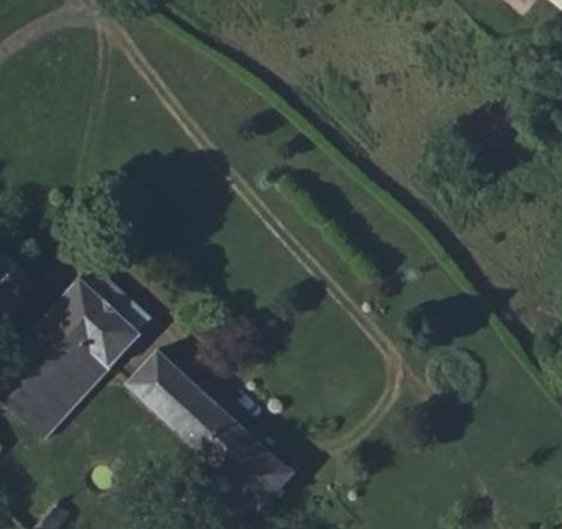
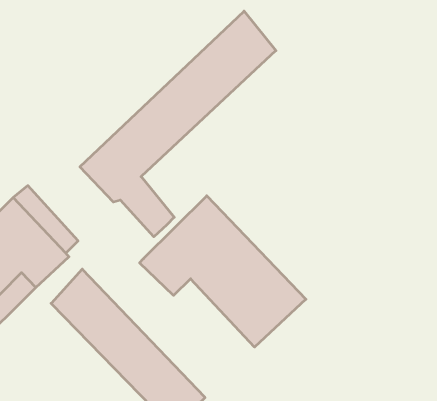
building: none -> [80,11,276,237]
building: none -> [140,196,306,347]

